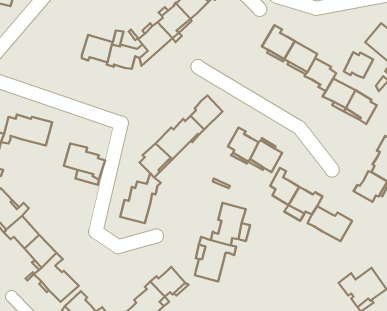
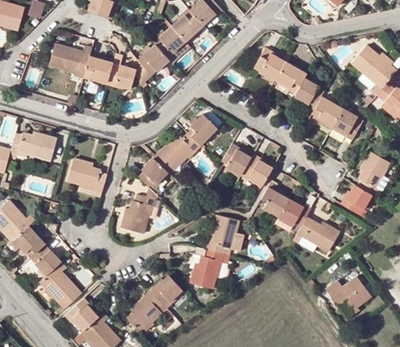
building: none -> [49,44,92,75]
building: [344,52,373,78] -> none

